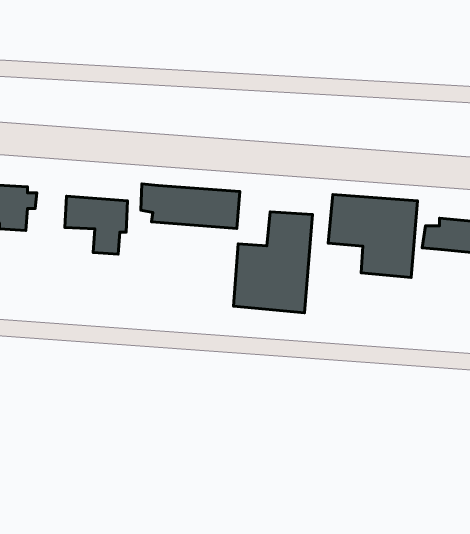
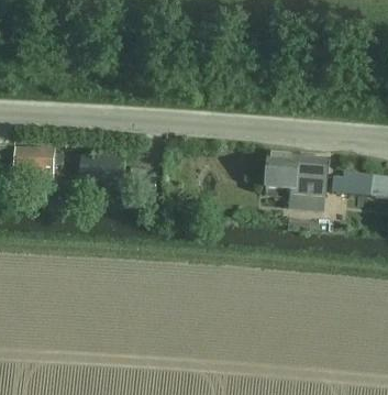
building: [141,184,240,229] -> none
building: [234,212,312,313] -> none

